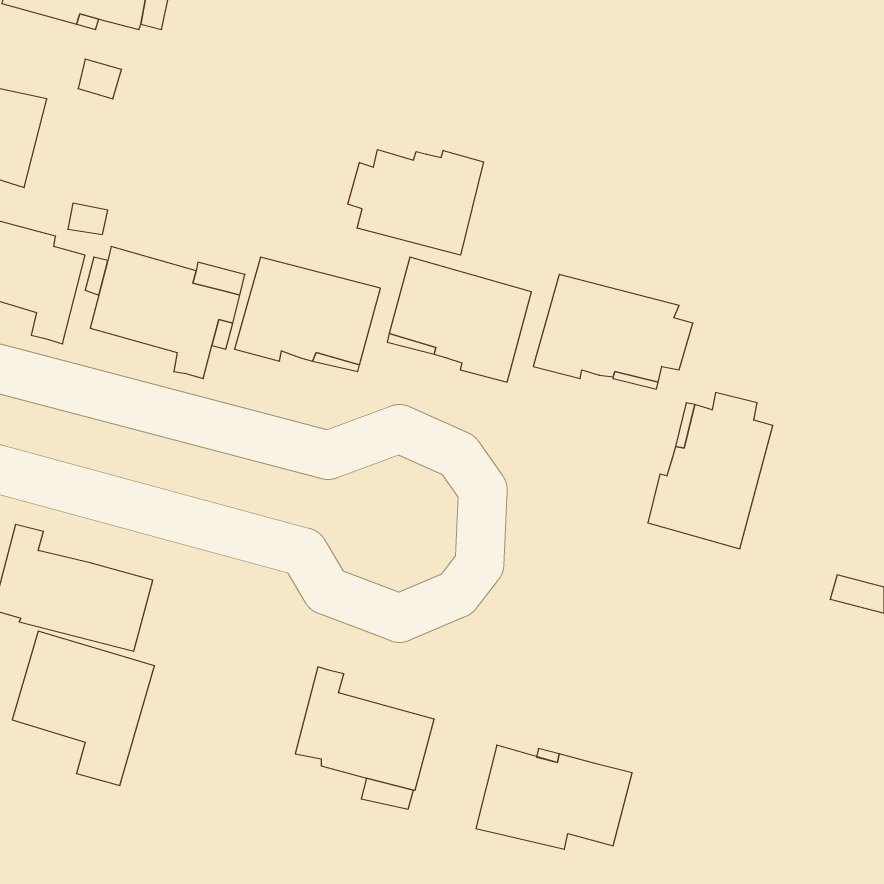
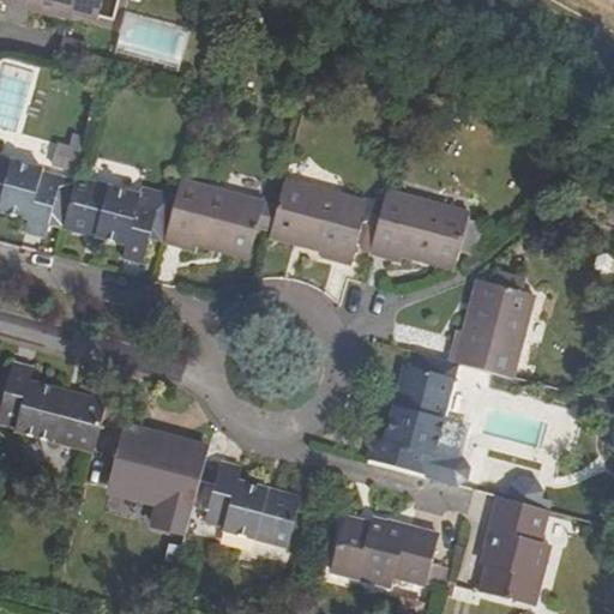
building: [348,150,484,255] -> none
building: none -> [365,354,468,484]
building: [12,631,155,786] -> [109,423,207,530]
building: none -> [476,496,549,604]

